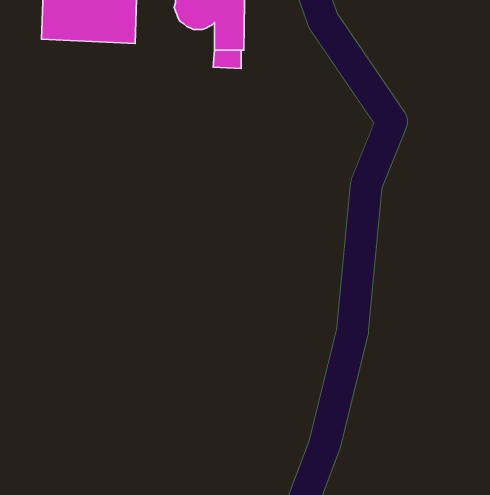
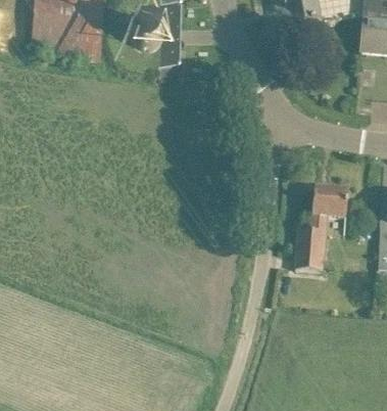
building: none -> [294,184,347,268]

